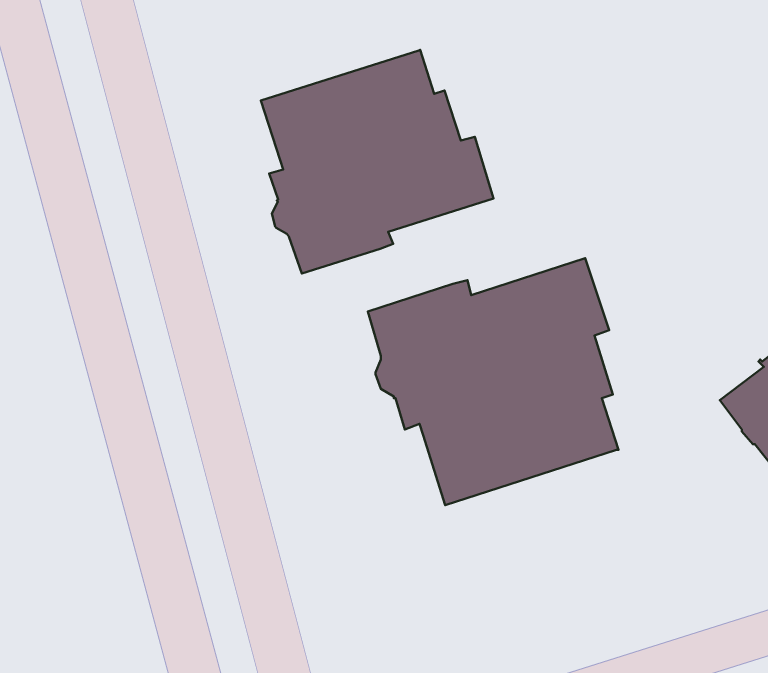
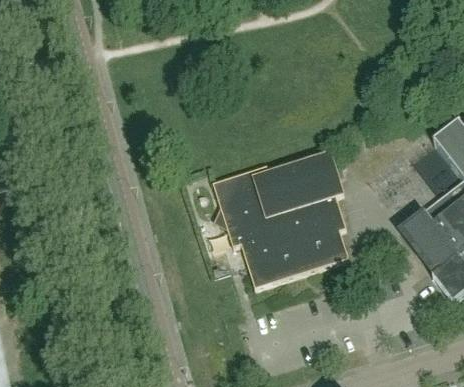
building: [261,50,494,273] -> none

